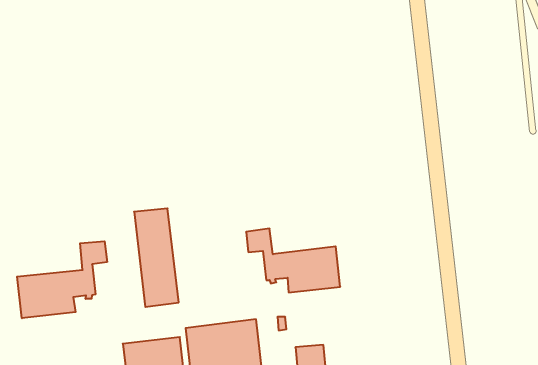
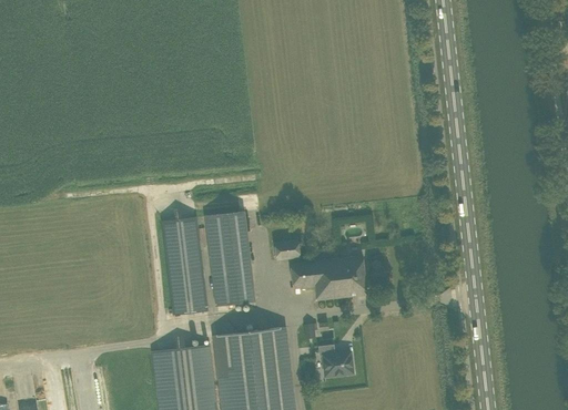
building: none -> [205,212,254,306]
building: [17,241,107,318] -> none

